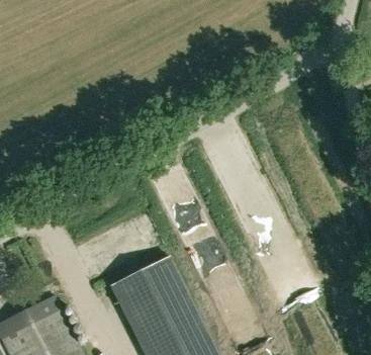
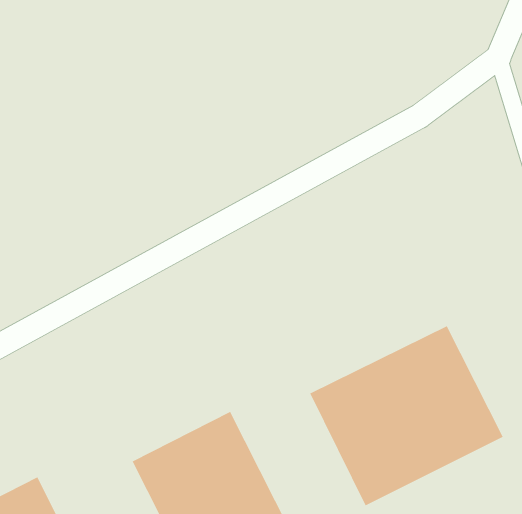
building: none -> [309,325,504,506]

